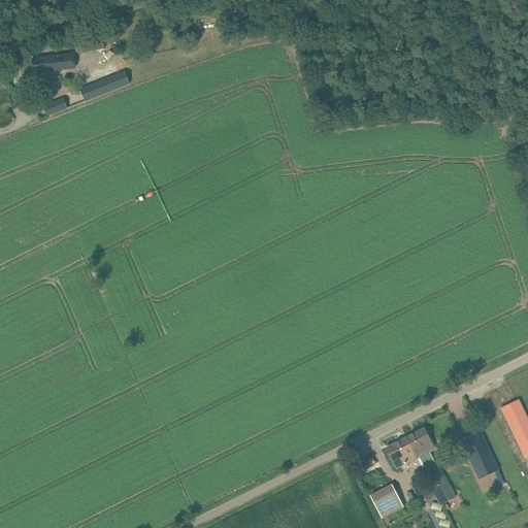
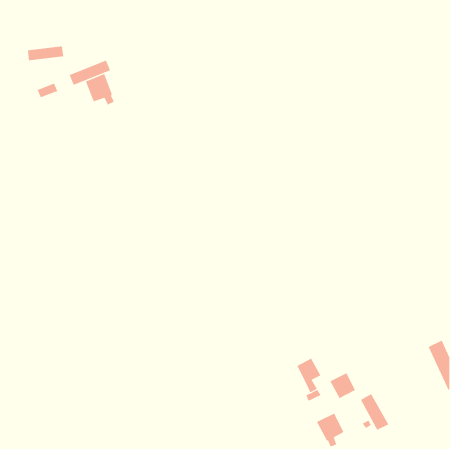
building: none -> [85,73,115,106]
building: [406,427,435,468] -> [297,358,321,393]
building: [460,428,498,478] -> none

